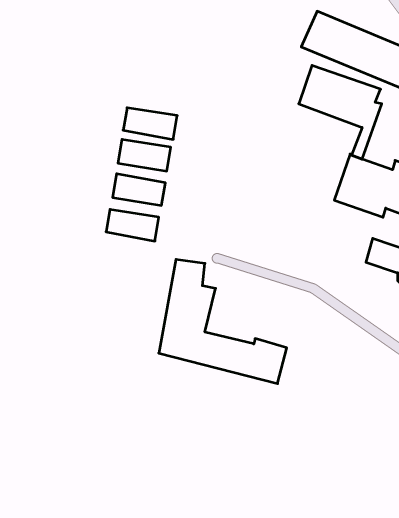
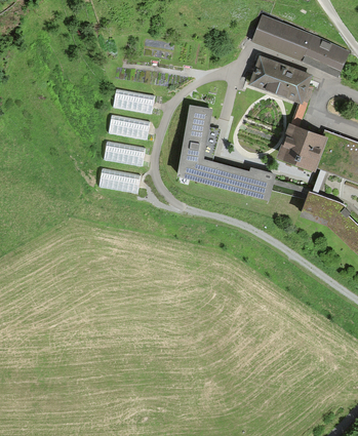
building: [159,259,287,384] -> [175,106,275,202]

